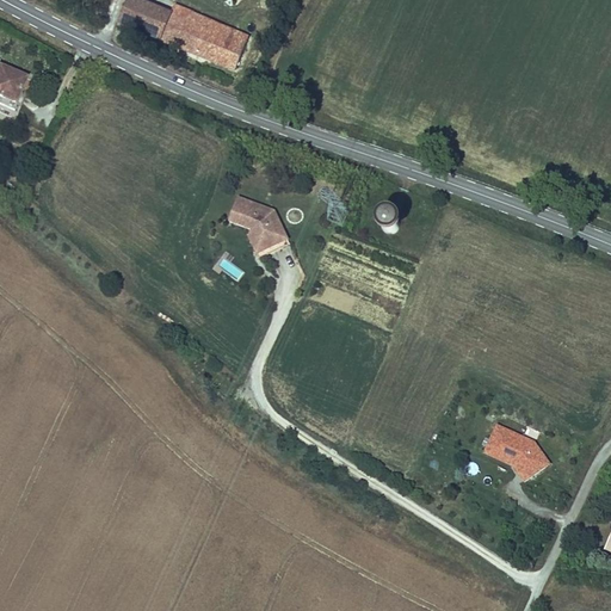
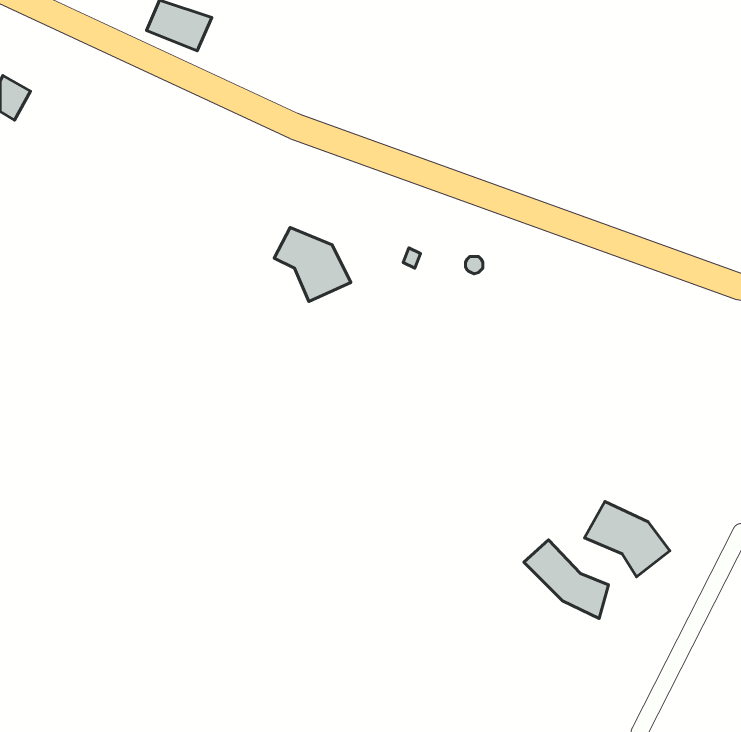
building: [162,8,249,69] -> none
building: none -> [524,540,609,618]

